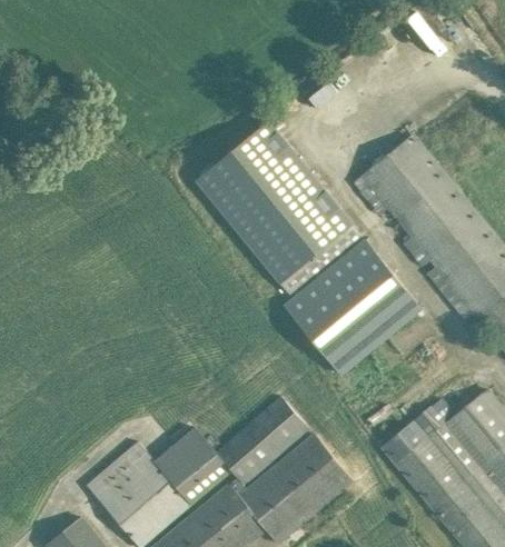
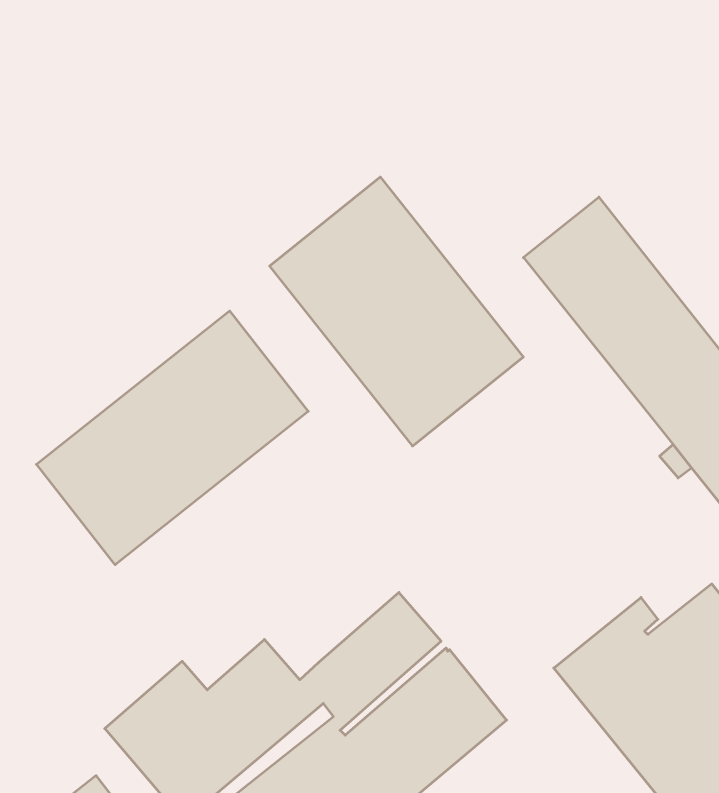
building: none -> [36,311,308,565]
building: [285,240,420,374] -> none

